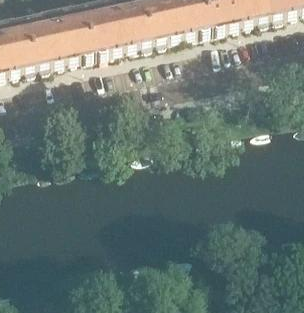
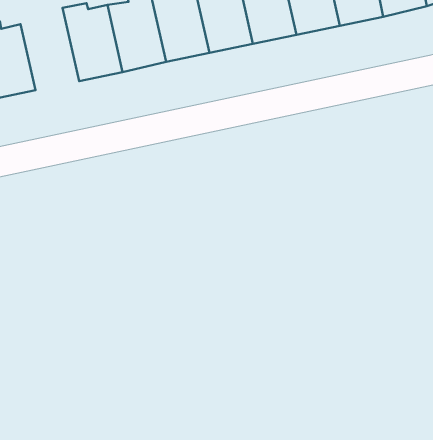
building: [23,9,62,64] -> none

